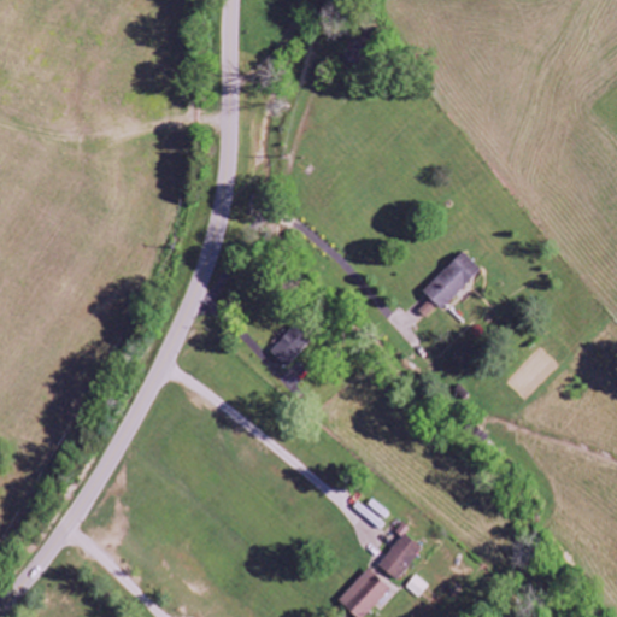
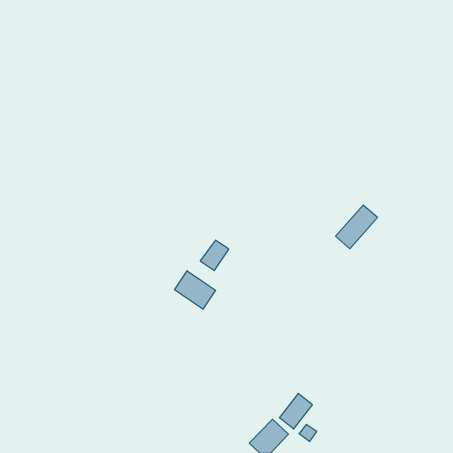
building: [423,251,480,310] -> [336,205,377,249]
building: none -> [175,271,216,309]

